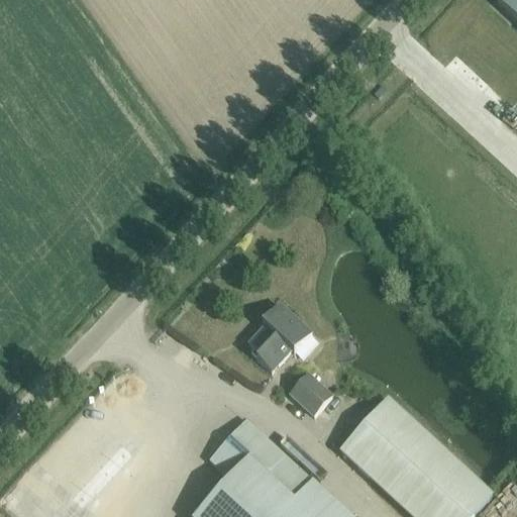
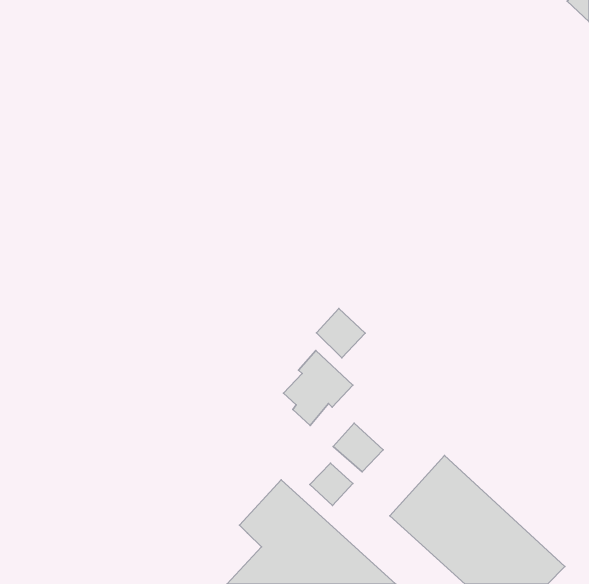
building: none -> [316,309,365,358]
building: none -> [310,463,353,506]

